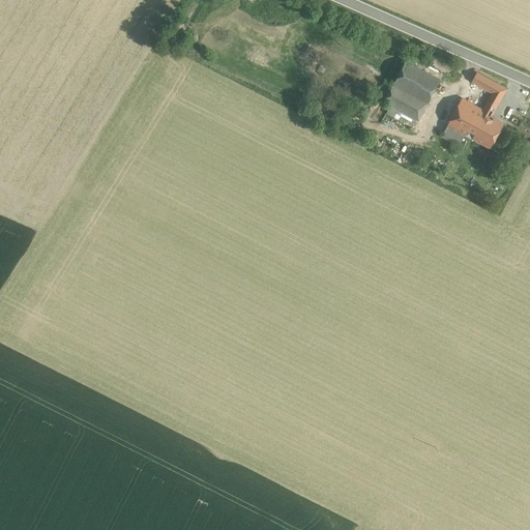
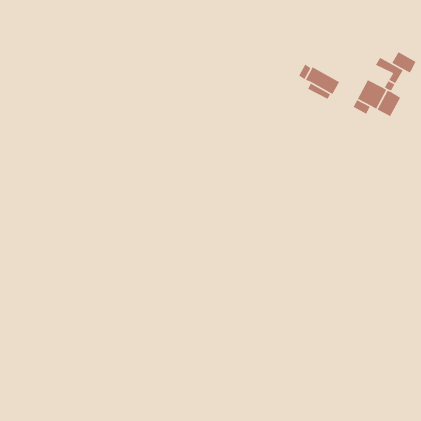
building: [392,60,440,102] -> none
building: none -> [391,51,417,74]

